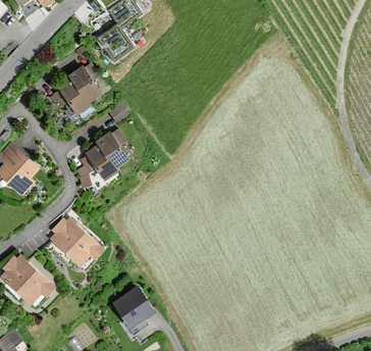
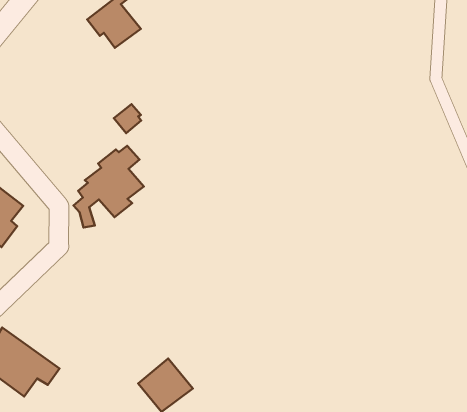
building: [52,66,99,116] -> none
building: [49,217,108,267] -> none

